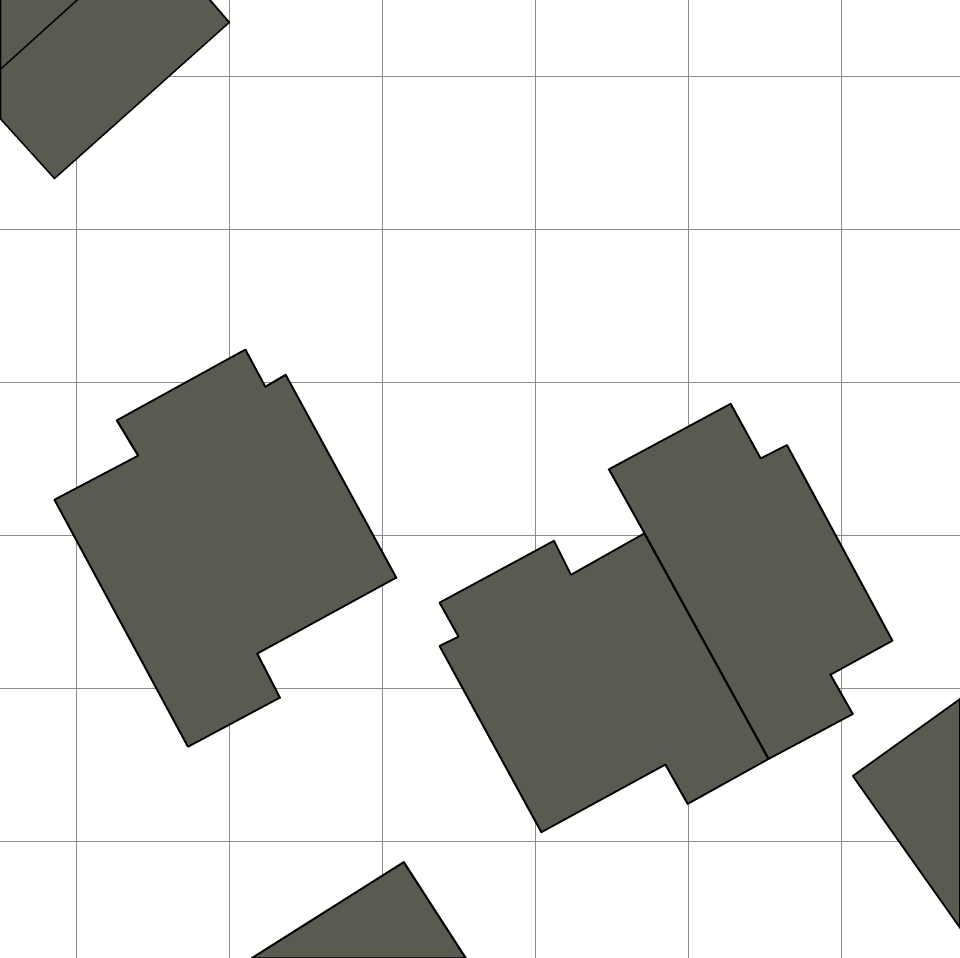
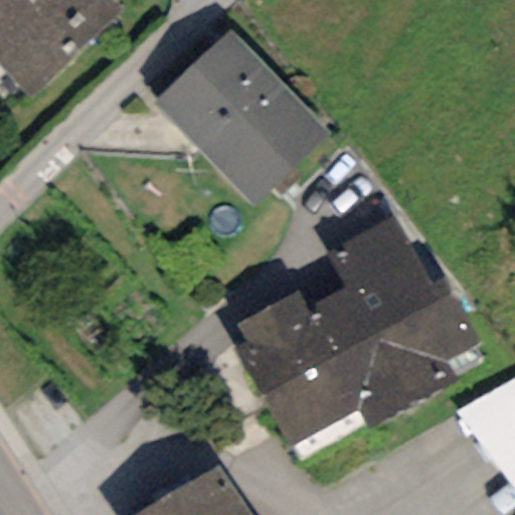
building: none -> [154,30,330,206]
building: [55,350,396,747] -> none

